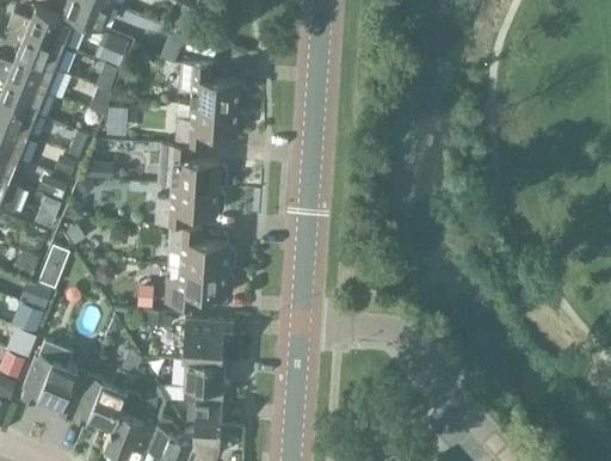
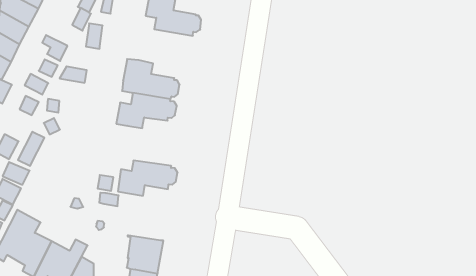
building: [175,106,246,148] -> none
building: [168,227,236,271] -> none
building: [181,320,233,363] -> none

